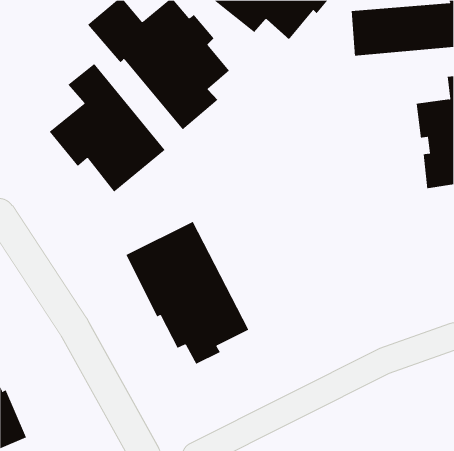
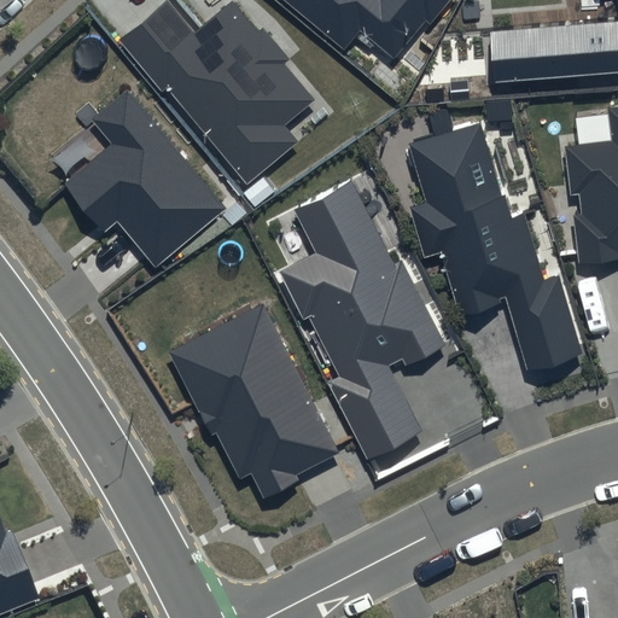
building: none -> [408,107,581,368]
building: none -> [279,181,447,459]

